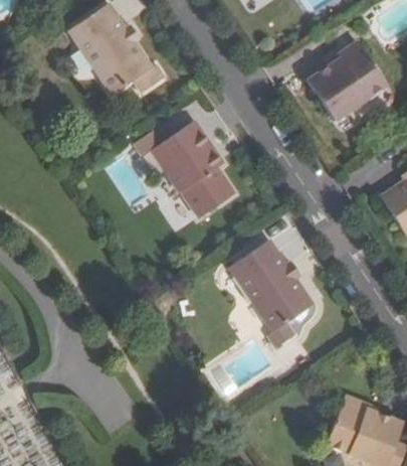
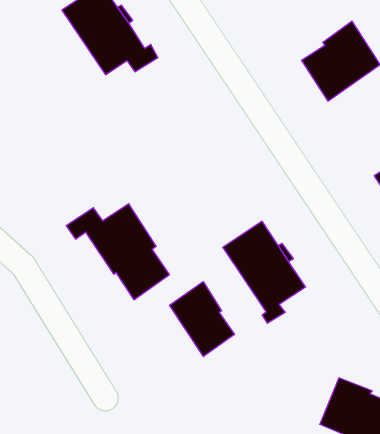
building: [133,122,235,217] -> [66,204,169,300]
building: none -> [170,282,234,357]

